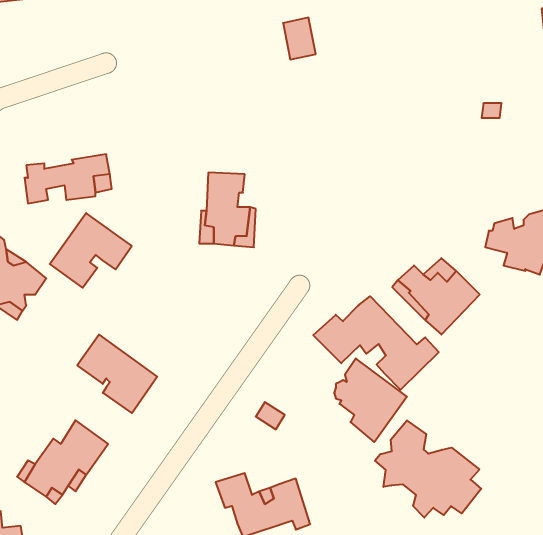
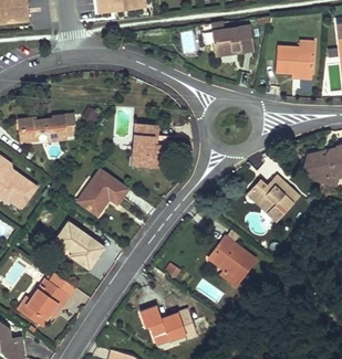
building: none -> [211,25,253,52]
building: none -> [276,40,314,76]
building: [50,213,132,288] -> [77,169,127,214]
building: [313,296,439,390] -> none
building: [375,420,481,518] -> none

